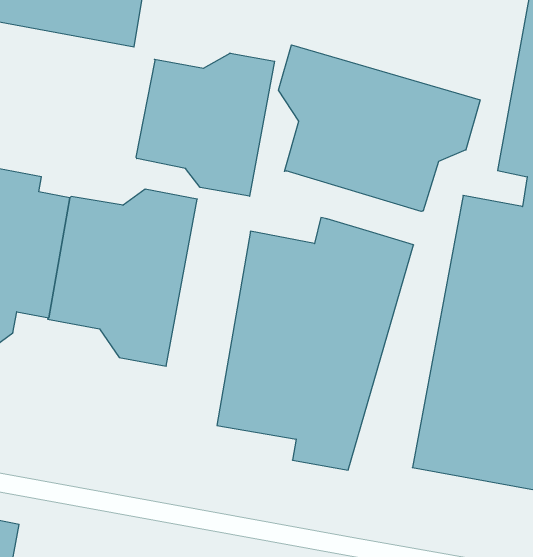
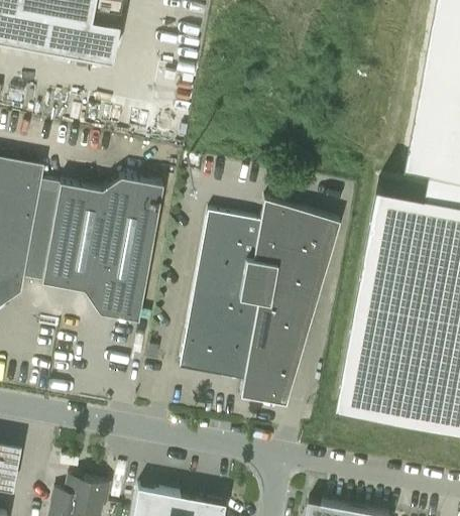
building: [278,45,480,211] -> none
building: [136,53,275,196] -> none

